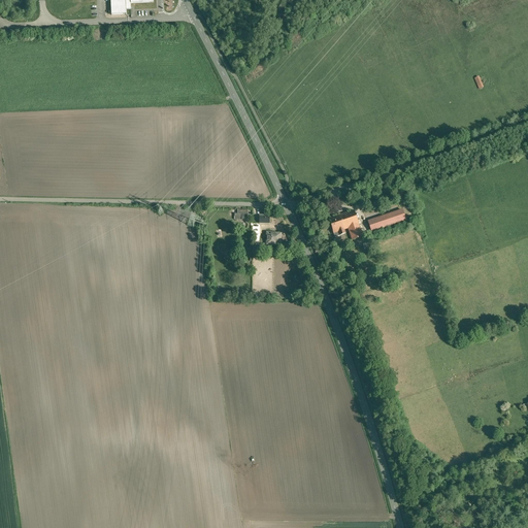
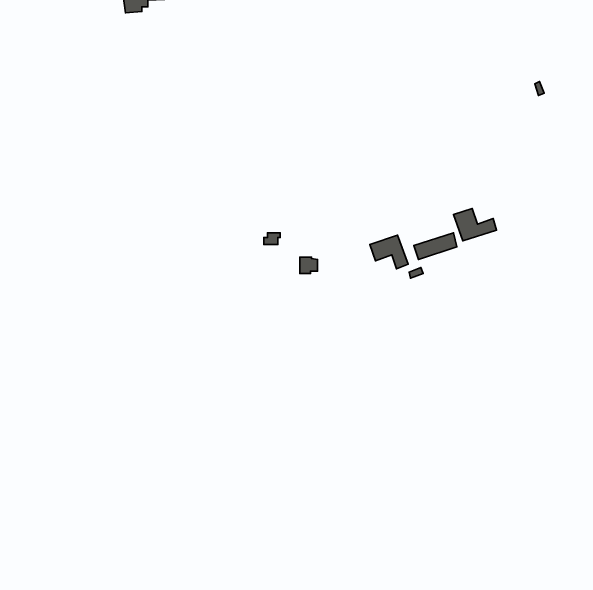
building: none -> [454,208,496,241]

